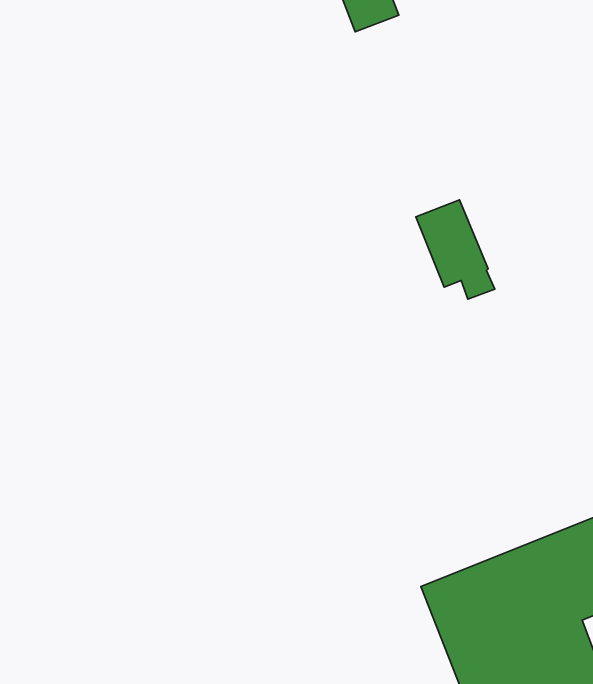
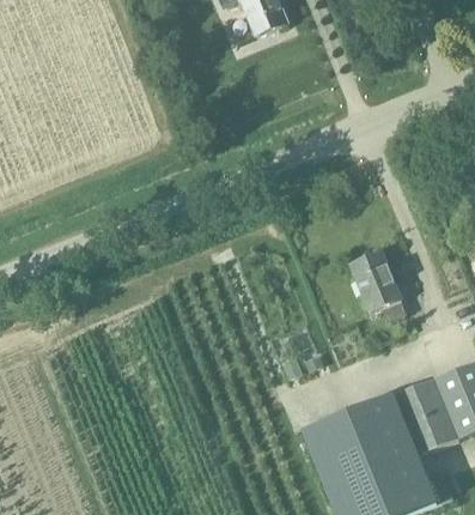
building: [416,200,495,299] -> [348,249,404,320]

